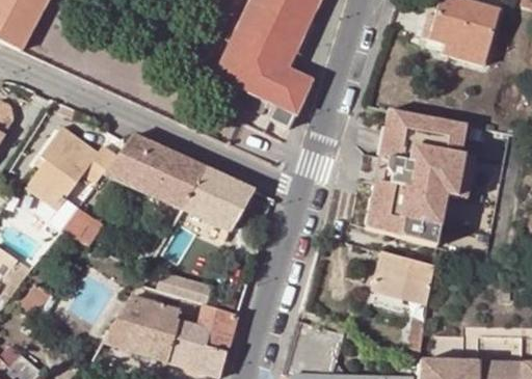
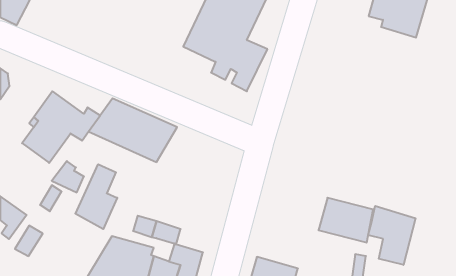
building: [367,108,468,244] -> none
building: [183,168,254,231] -> none
building: none -> [75,164,117,229]
building: none -> [368,206,416,265]

